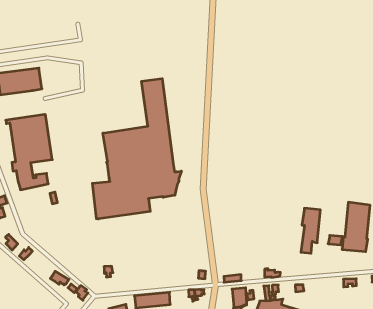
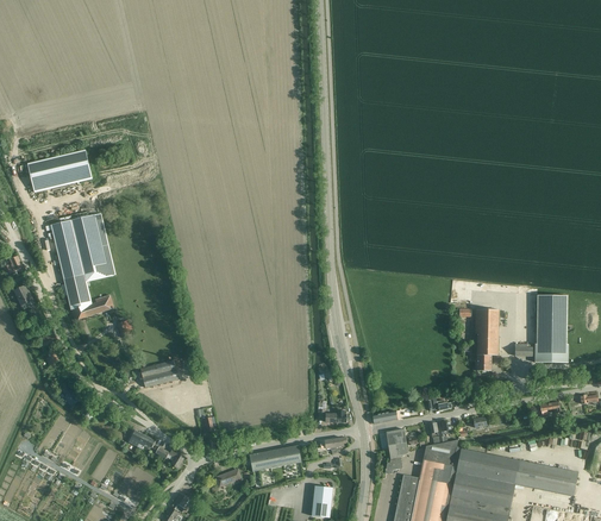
building: [92,79,181,219] -> none
building: none -> [139,359,177,387]

